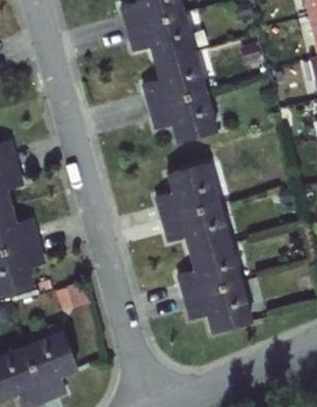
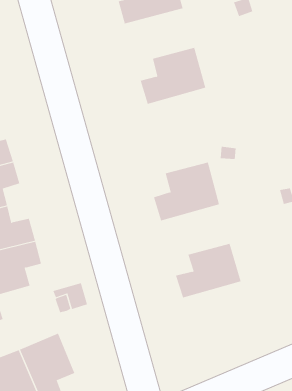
building: [126,13,196,62] -> none
building: [149,91,217,142] -> none
building: [162,205,230,254] -> none
building: [183,281,253,333] -> none

